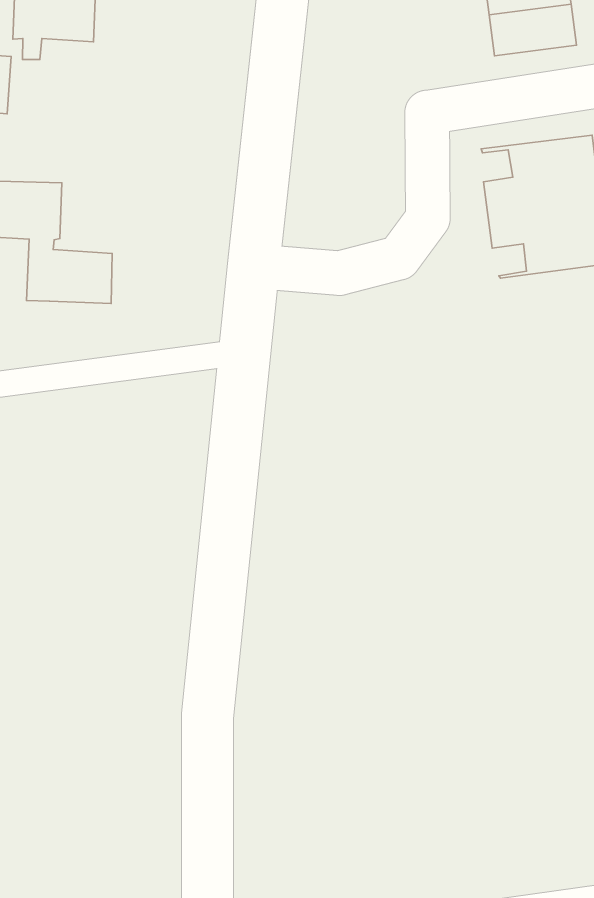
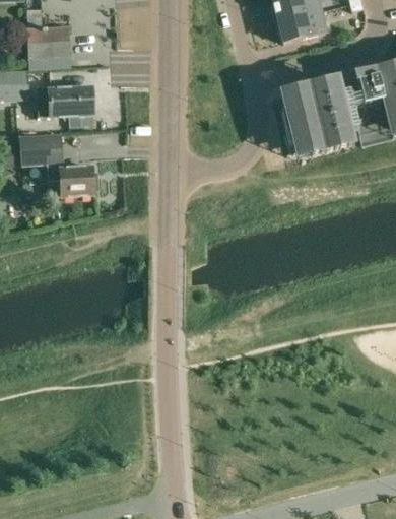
building: none -> [36,84,92,115]

